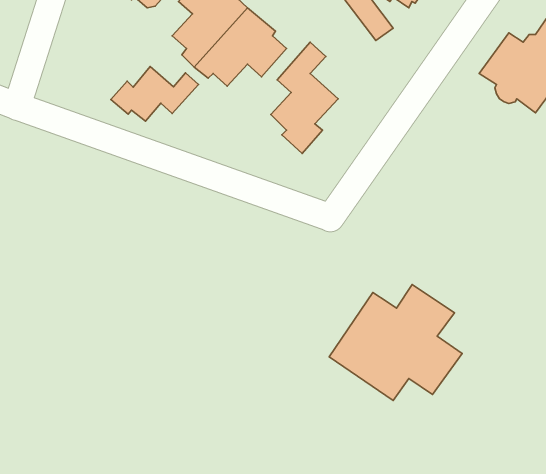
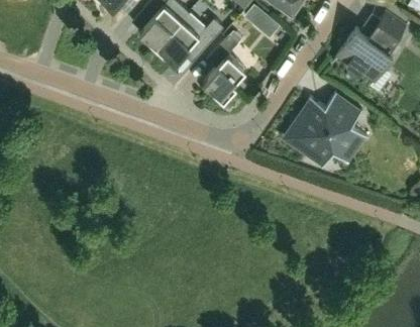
building: [111,66,198,121] -> none
building: [329,285,462,401] -> [281,93,366,168]

